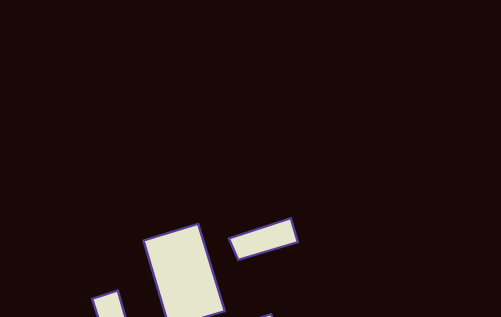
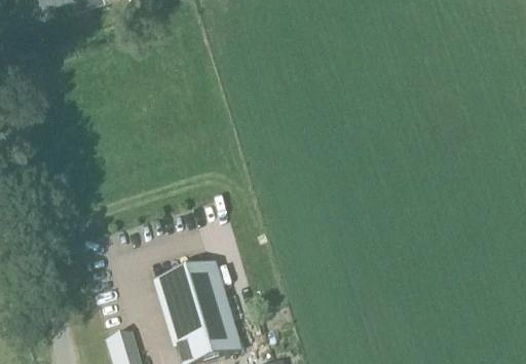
building: [229,218,298,260] -> none

